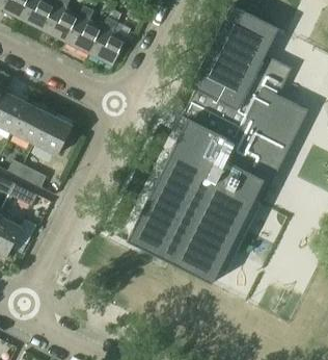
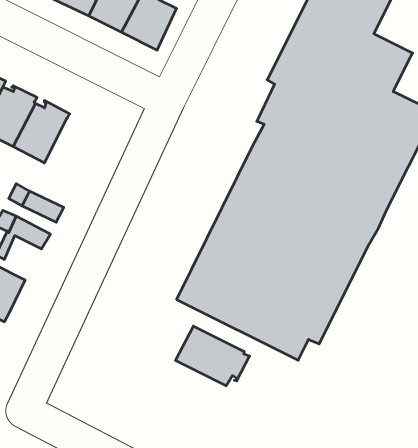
building: [34,113,74,157] -> none
building: none -> [176,326,250,386]

